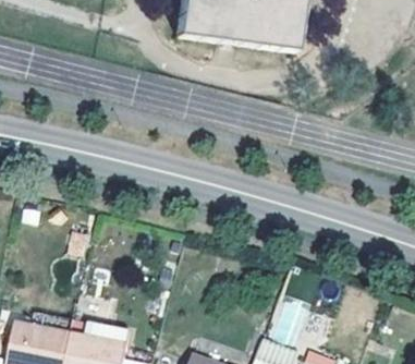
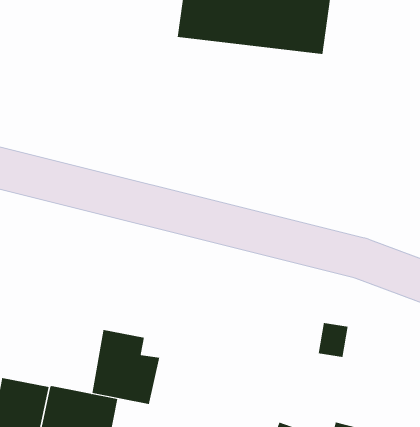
building: none -> [92,329,160,405]

